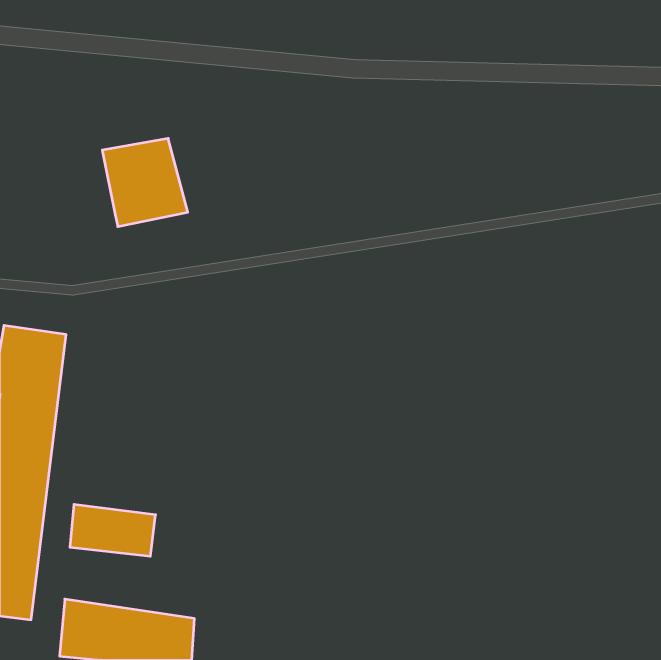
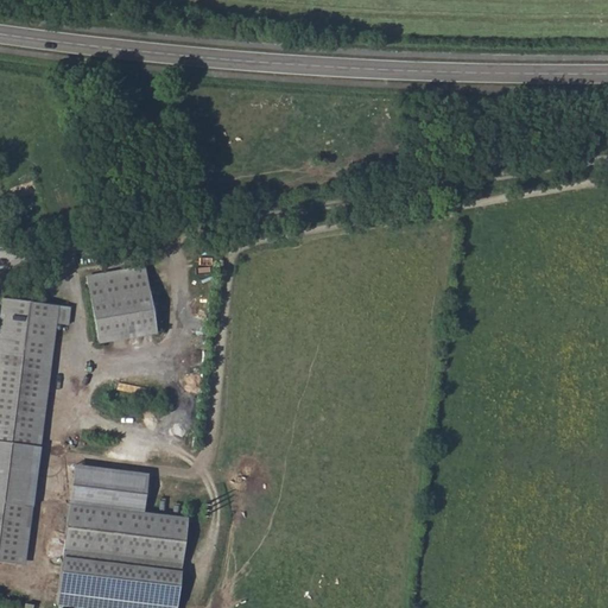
building: [102,138,188,227] -> [84,264,163,344]
building: none -> [59,501,183,566]

